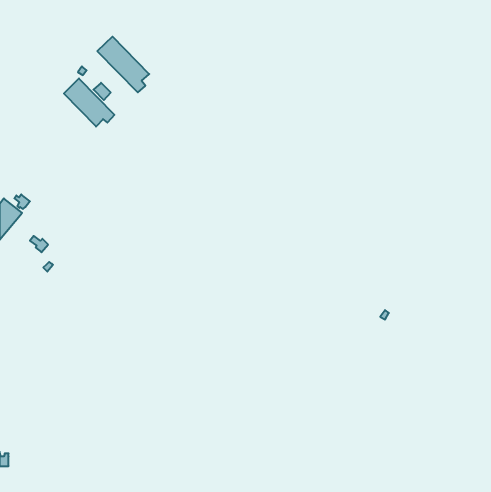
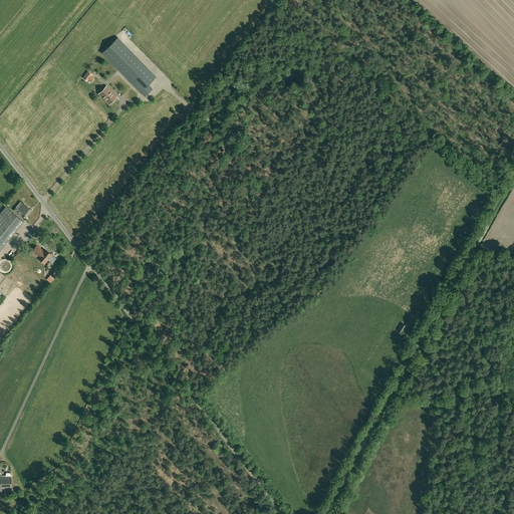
building: [64,78,114,127] -> none

